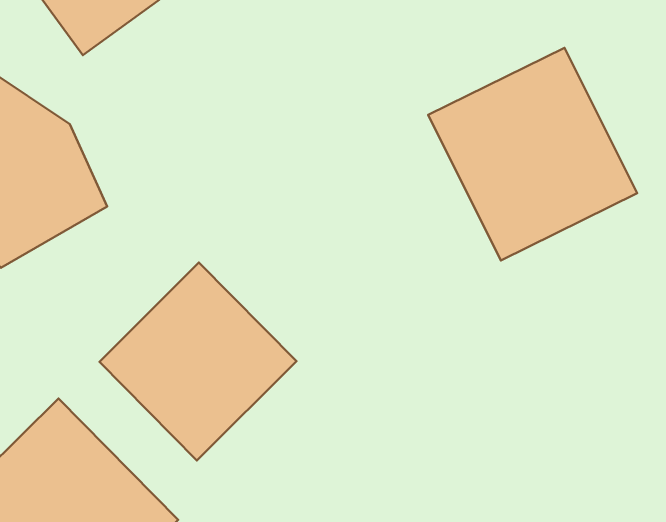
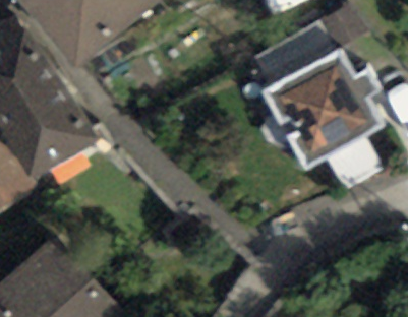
building: [99,263,296,461] -> none

